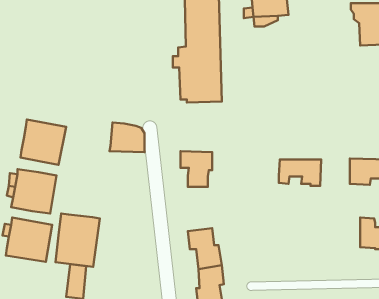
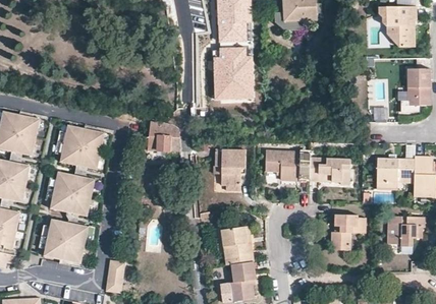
building: none -> [265,151,310,182]
building: [55,213,100,267] -> none
building: none -> [330,215,365,249]

